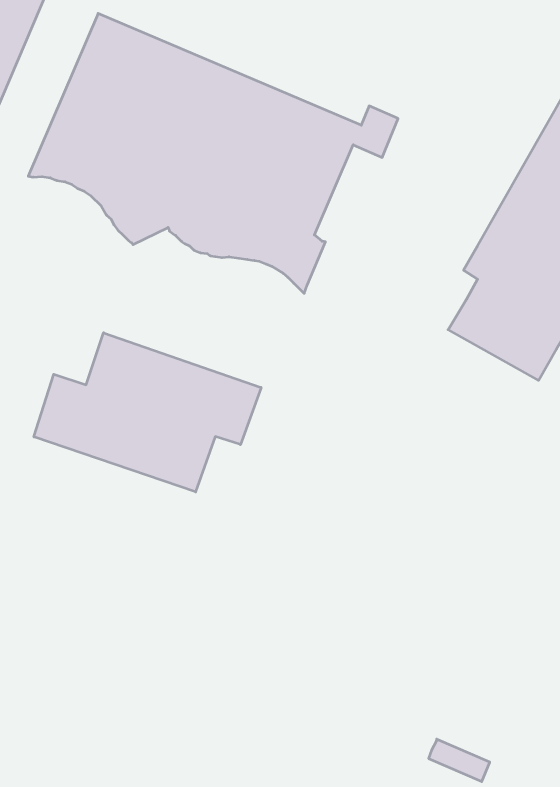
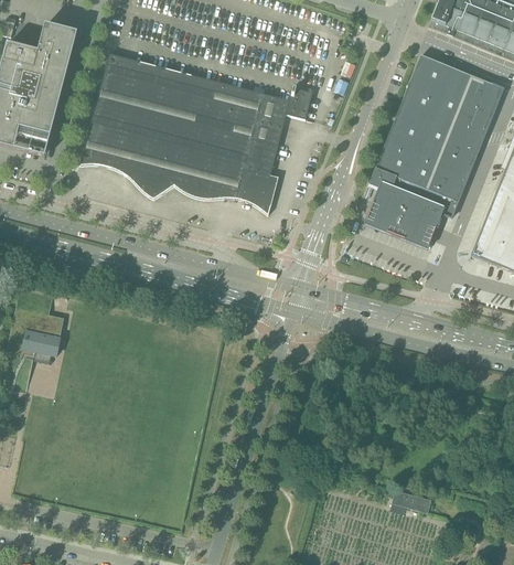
building: [34,333,261,492] -> none

